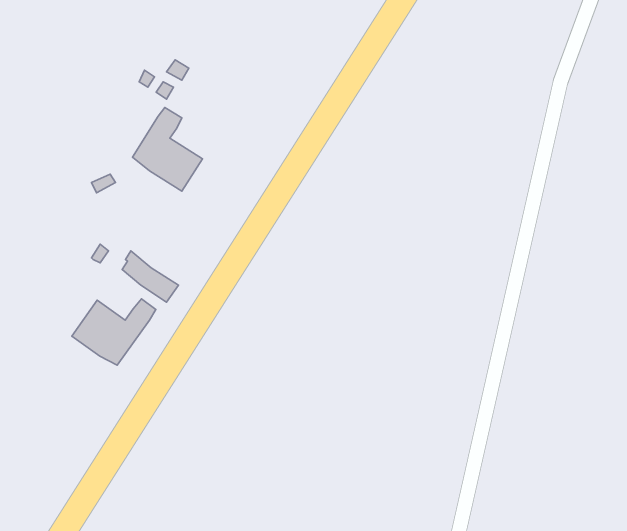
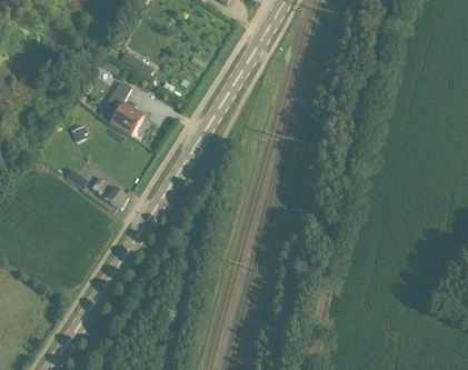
building: [72,299,156,365] -> none

